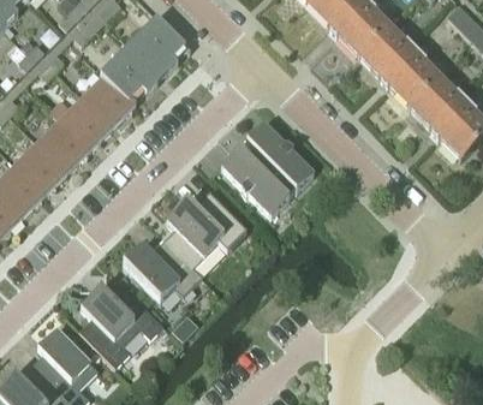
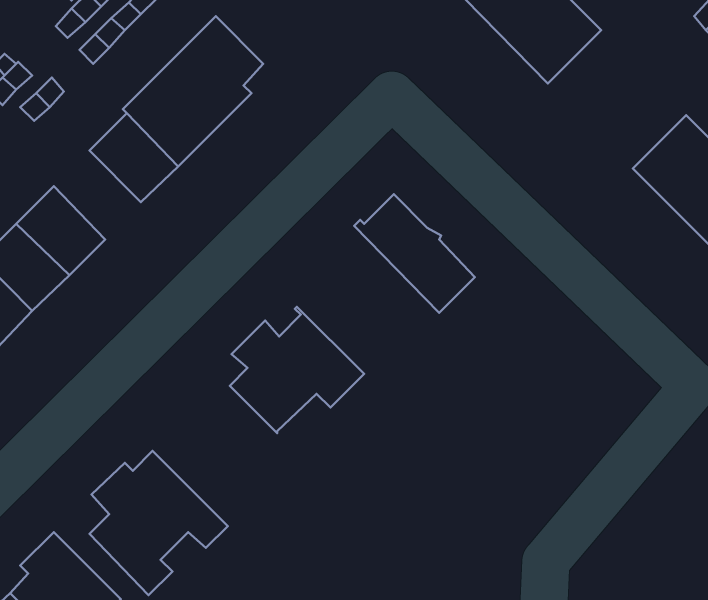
building: [358,23,442,107] -> none
building: [58,96,111,150] -> none
building: [221,142,292,216] -> none
building: [123,239,202,300] -> none

